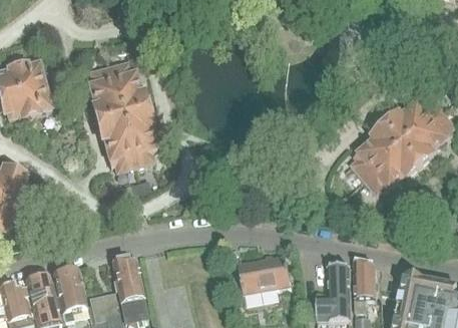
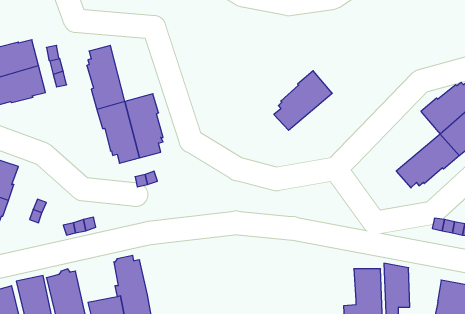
building: [108,59,146,114] -> none
building: [351,123,403,177] -> [274,71,332,130]
building: [238,254,291,293] -> none

